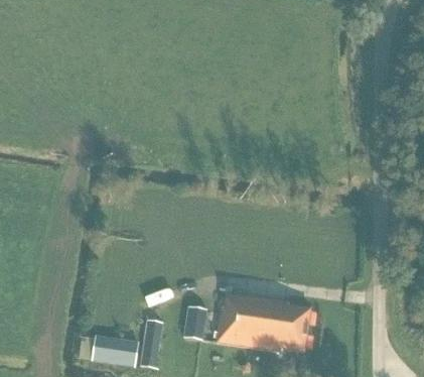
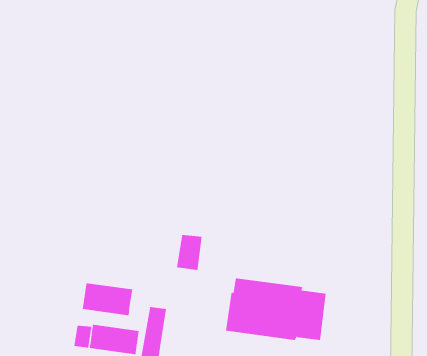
building: none -> [82,282,133,316]
building: [183,307,207,341] -> [176,234,202,271]

